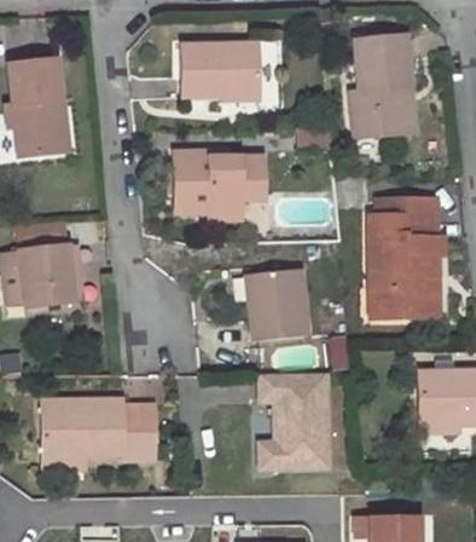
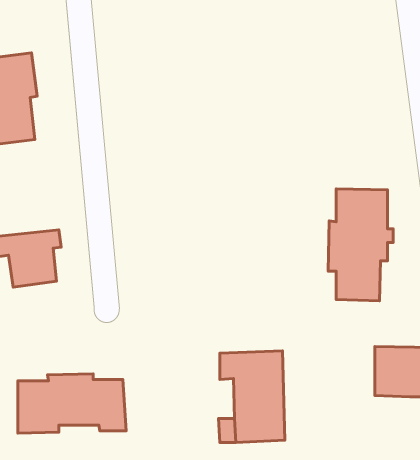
building: [346,34,411,131] -> none
building: [179,44,259,97] -> none
building: [170,154,260,214] -> none
building: [246,266,307,340] -> none

